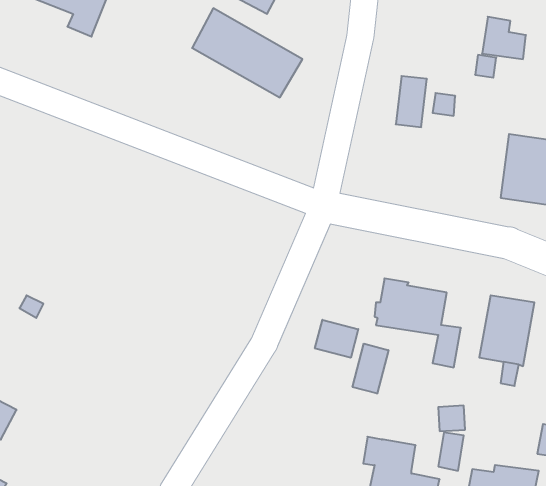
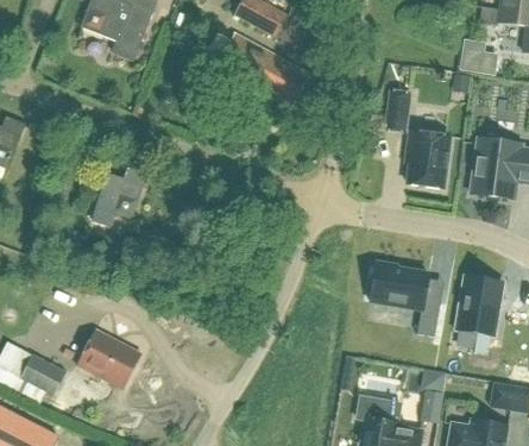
building: none -> [405,132,448,189]
building: none -> [94,164,144,215]
building: [315,320,358,358] -> none
building: [353,344,388,394] -> none
building: none -> [77,329,138,387]

